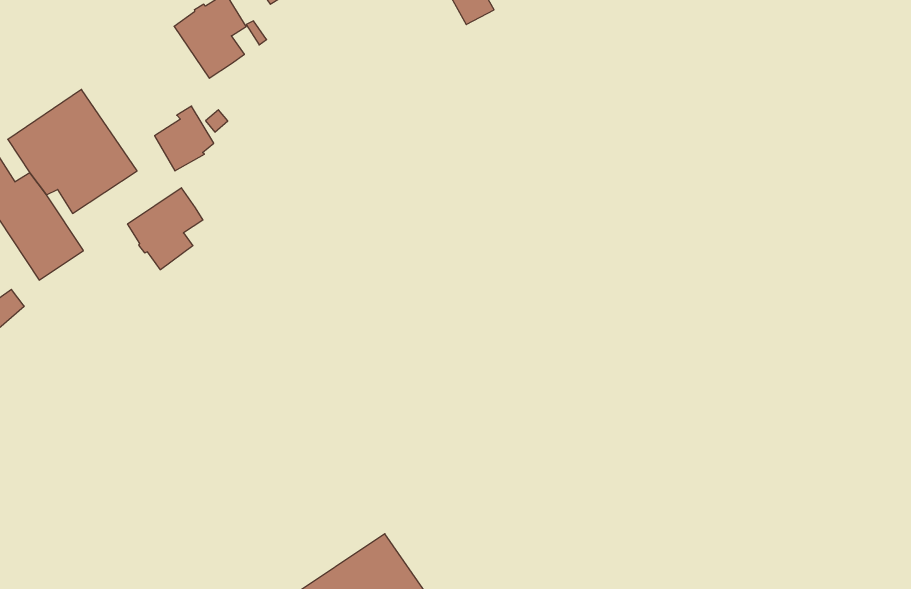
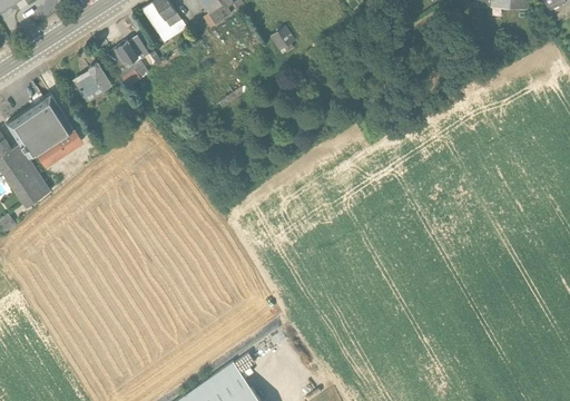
building: [155,106,214,171] -> [75,63,110,102]
building: [128,188,203,270] -> none

